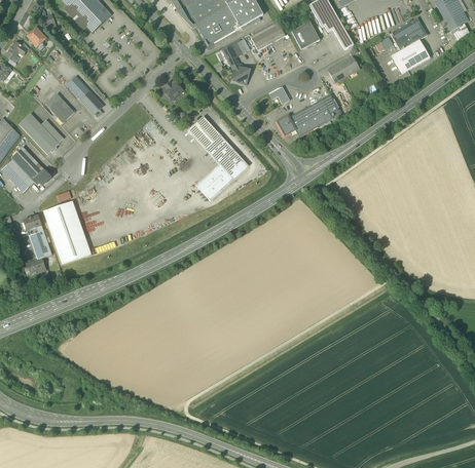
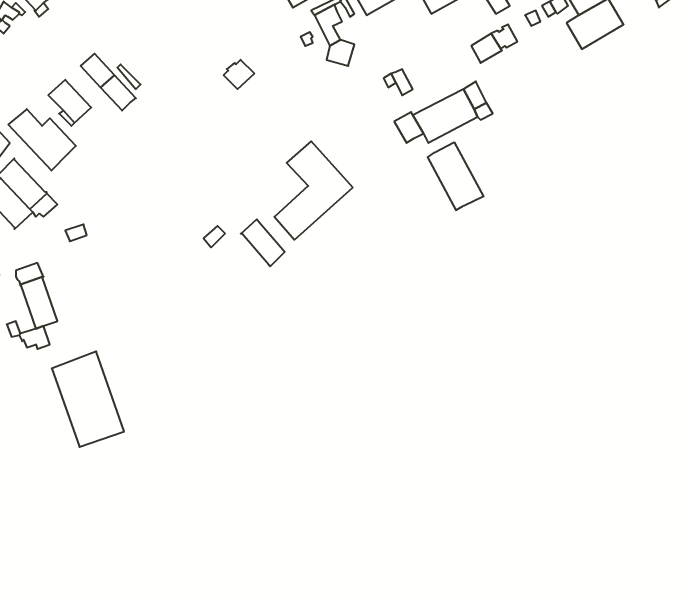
building: [188,116,221,149] -> none
building: none -> [428,142,484,210]
building: none -> [241,219,285,266]
building: [43,200,92,264] -> [52,351,124,447]

